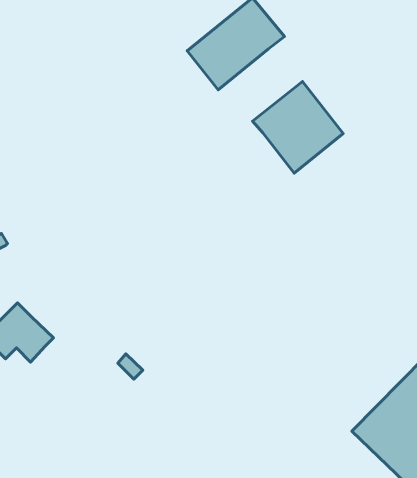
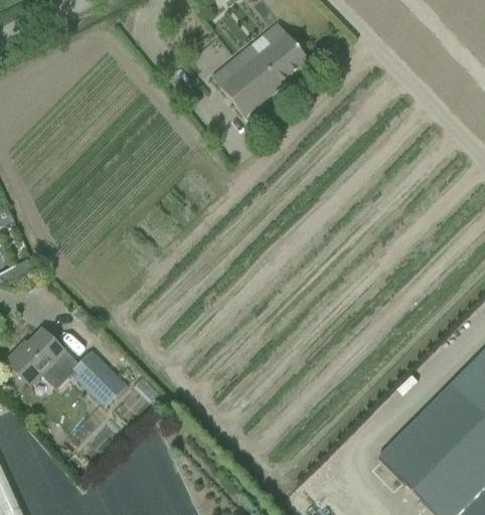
building: [252,81,343,173] -> none
building: none -> [70,349,126,405]

